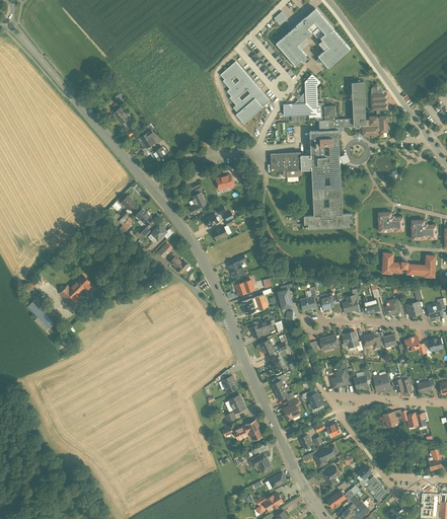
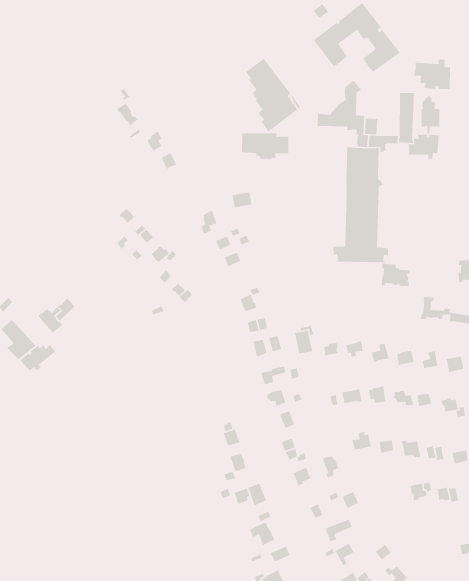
building: none -> [413,59,451,90]
building: [270,152,311,175] -> [241,133,289,160]
building: [377,212,402,231] -> [381,263,411,287]
building: none -> [20,344,56,372]

